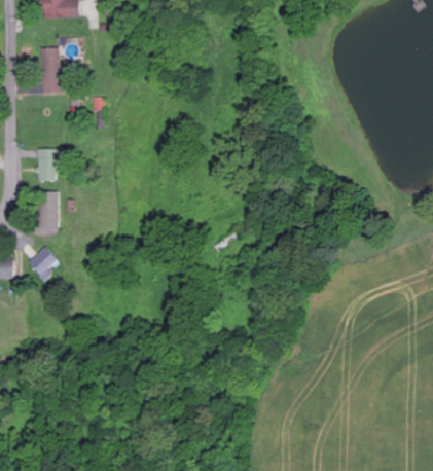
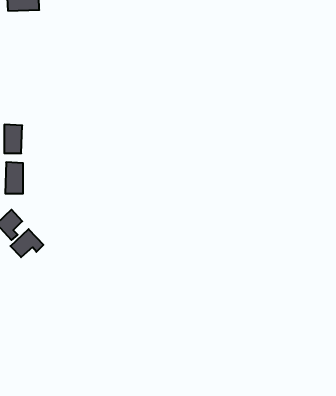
building: [39,48,62,94] -> none
building: none -> [10,229,43,257]

